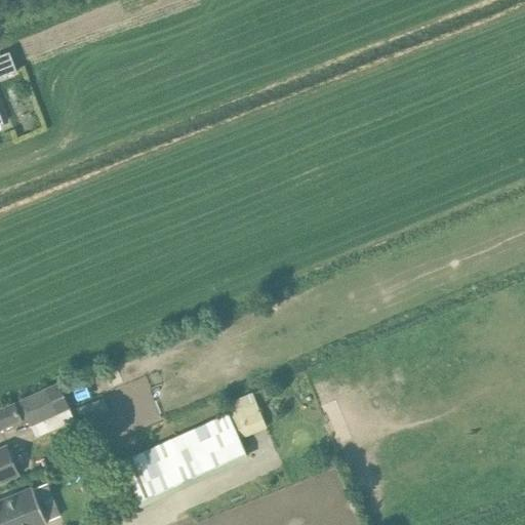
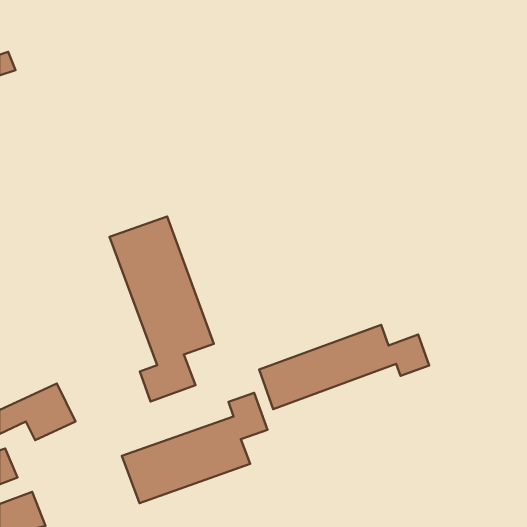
building: none -> [110,216,214,401]
building: none -> [259,325,429,409]

